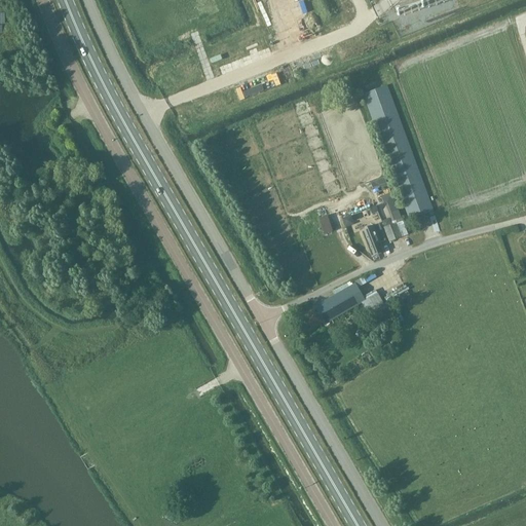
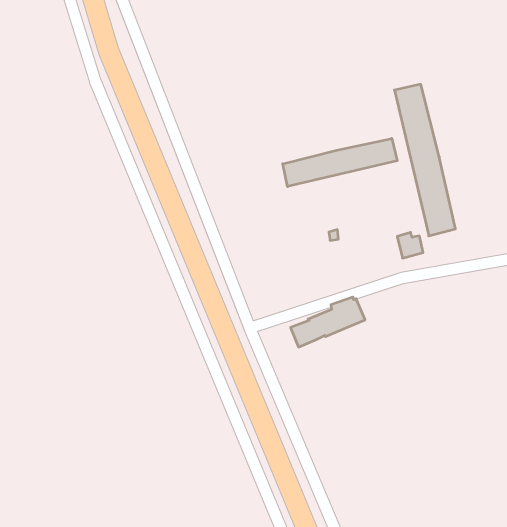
building: none -> [283,138,397,187]
building: [362,222,384,255] -> none

